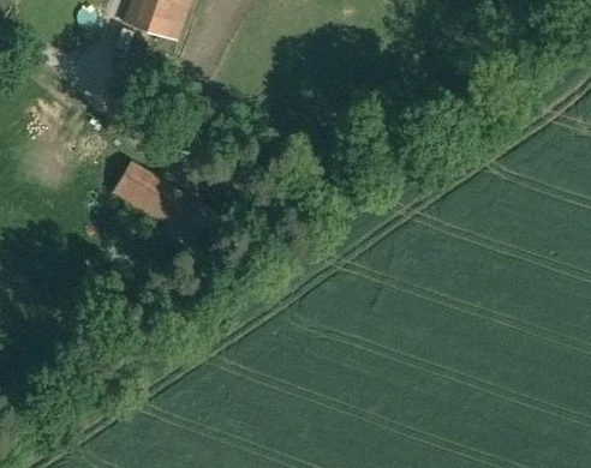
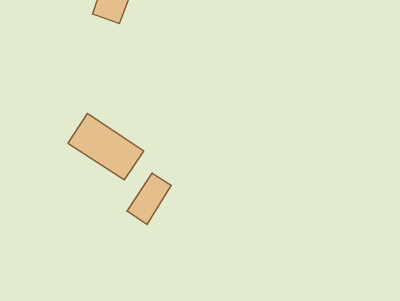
building: none -> [127,173,171,225]

